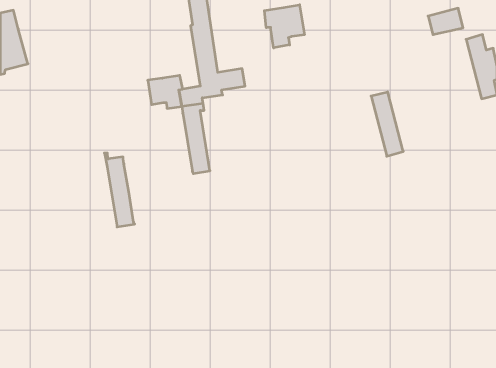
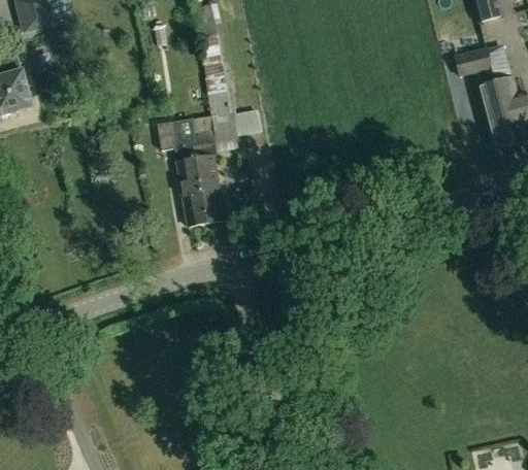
building: [264,5,304,48] -> none
building: [371,92,403,156] -> [477,79,512,147]
building: [104,153,135,227] -> [174,146,206,225]

